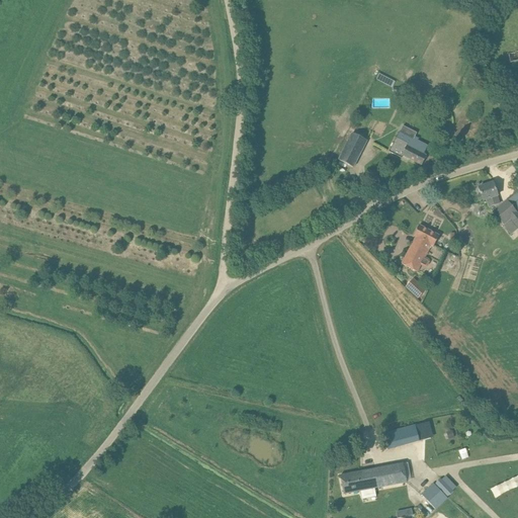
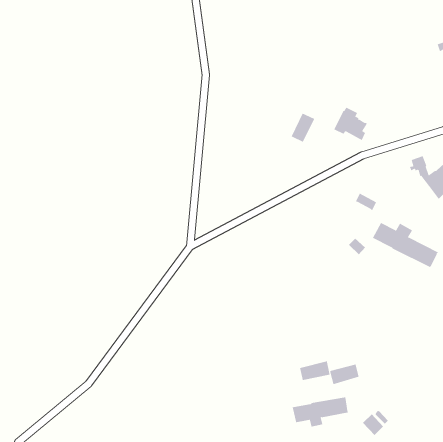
building: [403,236,432,270] -> none
building: none -> [372,222,439,268]
building: none -> [300,361,330,381]

